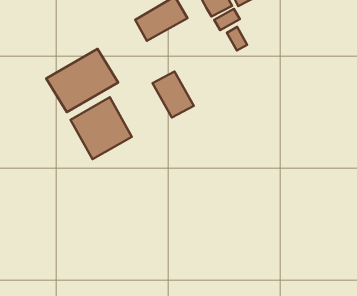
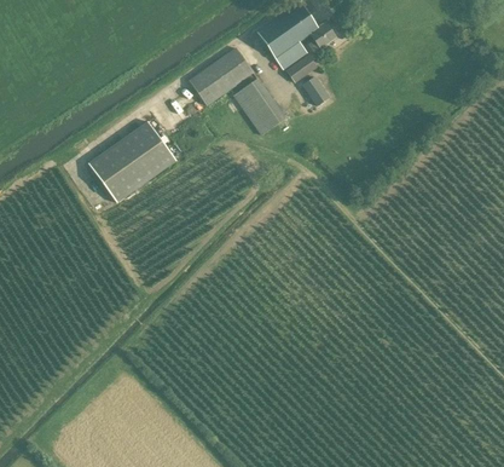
building: [153,71,194,118] -> [232,77,285,134]
building: [71,97,132,159] -> none

